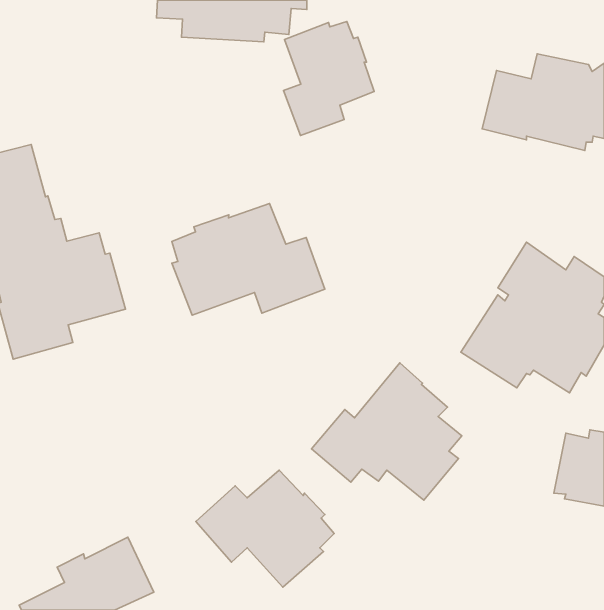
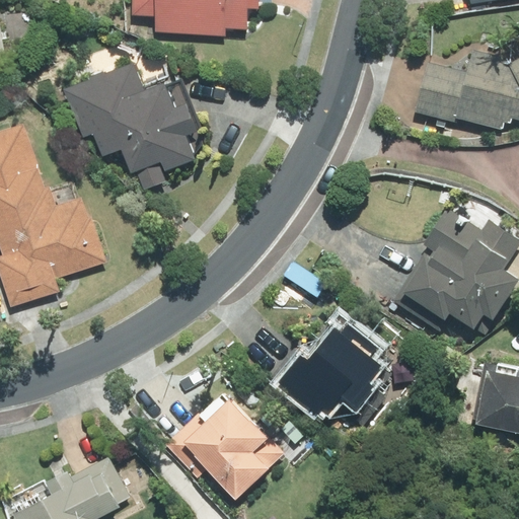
building: [283,22,374,136] -> none
building: none -> [64,61,200,189]
building: [172,204,325,315] -> none

